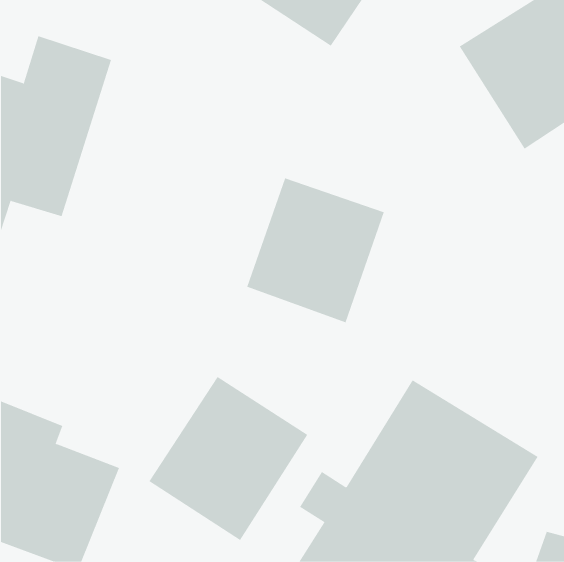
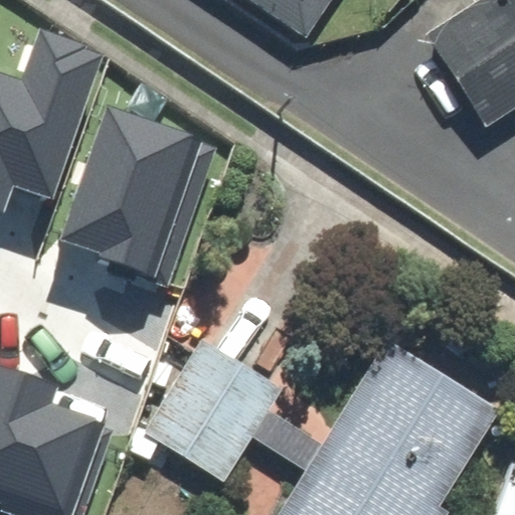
building: none -> [66,107,213,273]
building: [247,178,384,323] -> none

